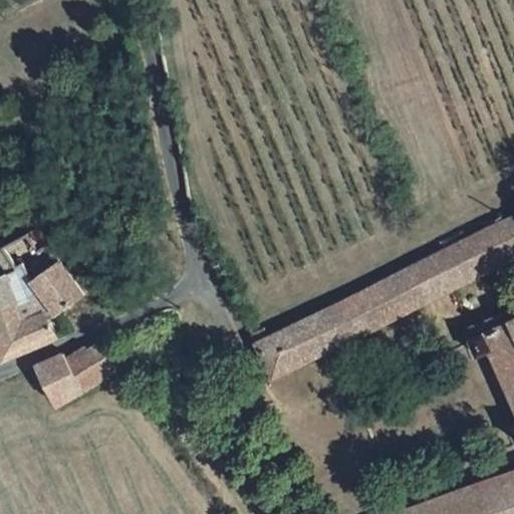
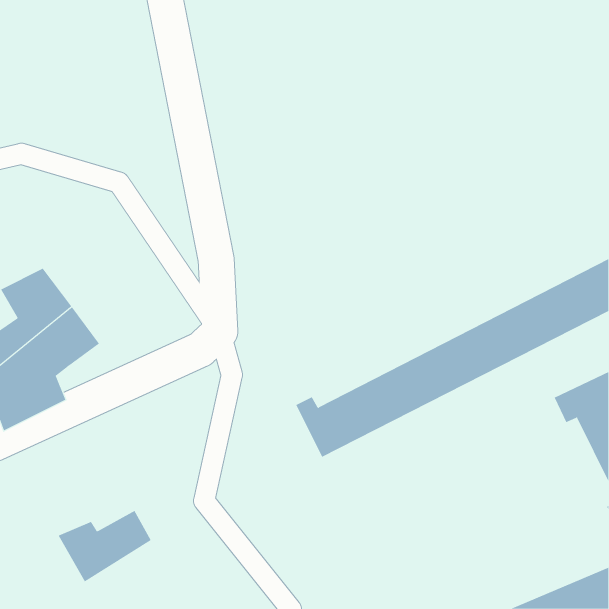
building: [36,345,114,406] -> [58,510,152,582]

